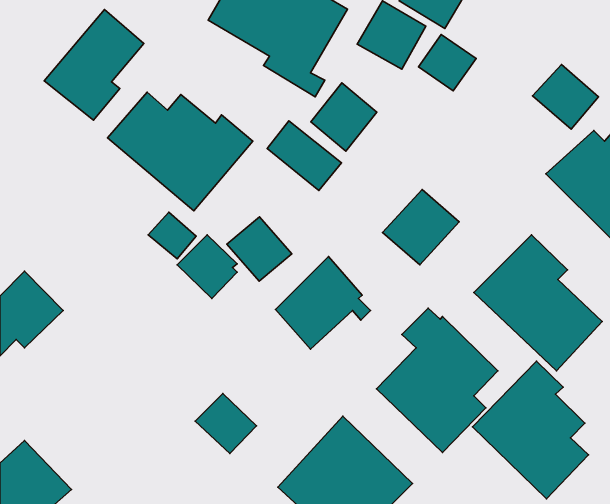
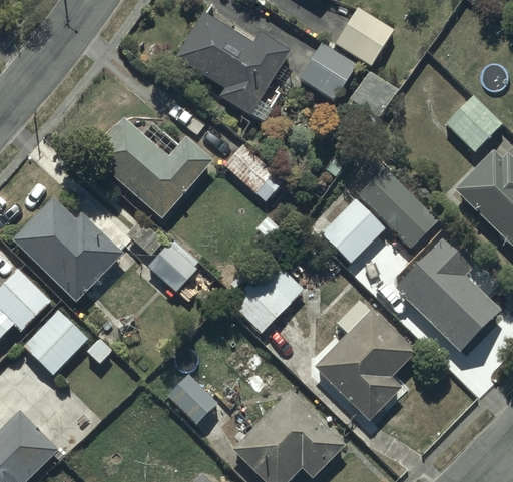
building: [44,10,144,120] -> none
building: [311,83,377,151] -> none
building: none -> [358,168,438,248]
building: none -> [12,198,122,301]
building: [227,217,292,281] -> none
building: none -> [23,308,88,373]
building: [472,361,589,499] -> none

